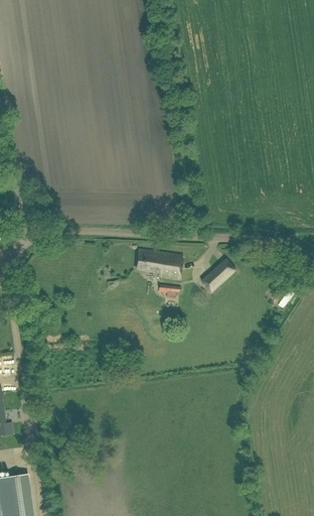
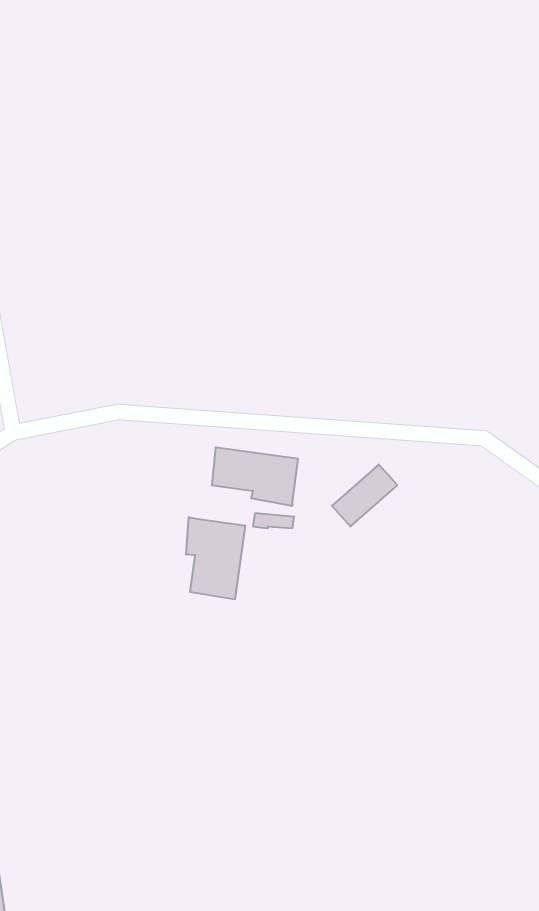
building: none -> [186,517,245,599]

